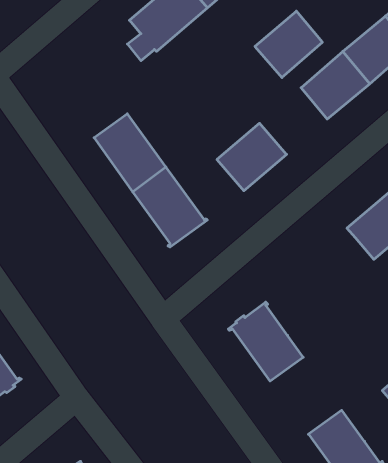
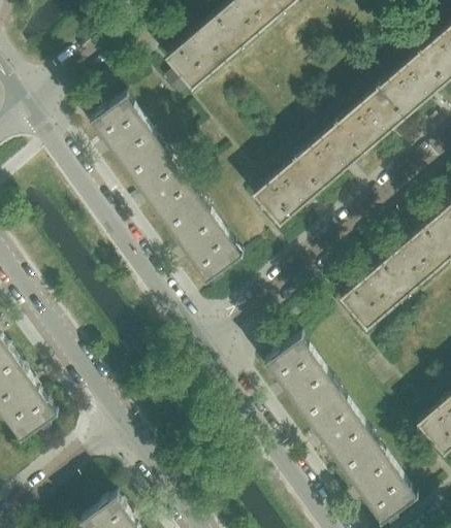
building: [255,11,322,78] -> [294,124,361,190]
building: none -> [89,95,163,173]
building: none -> [339,263,408,330]
building: none -> [304,391,376,467]

